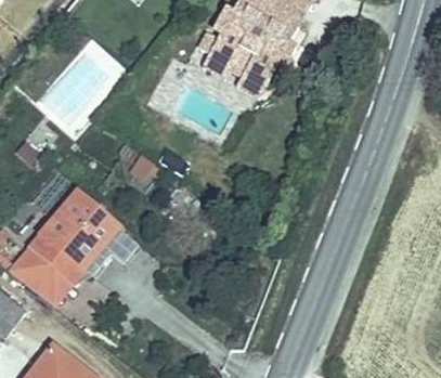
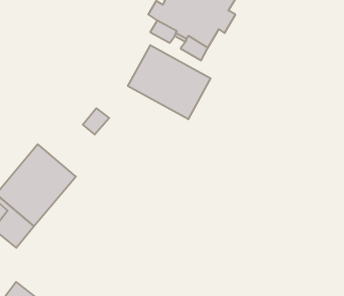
building: none -> [128,45,211,119]

